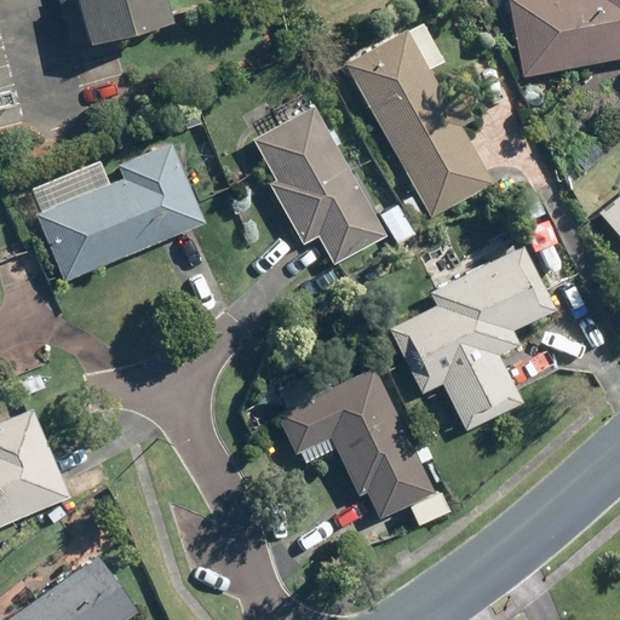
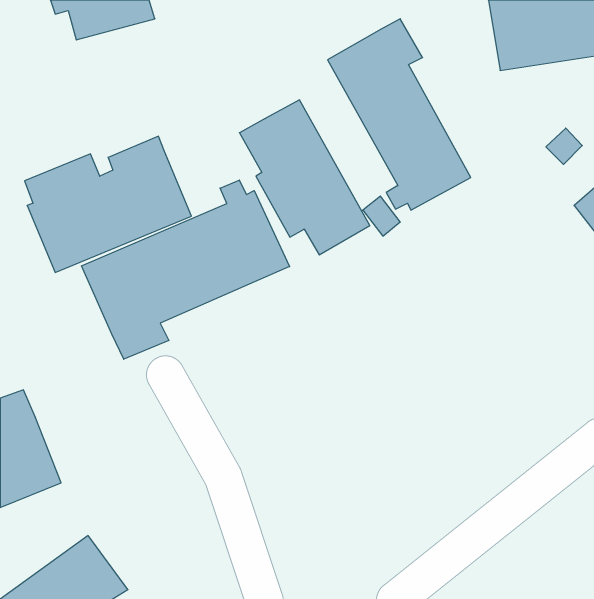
building: none -> [82,180,290,359]
building: [390,246,553,427] -> none
building: [274,366,431,515] -> none

